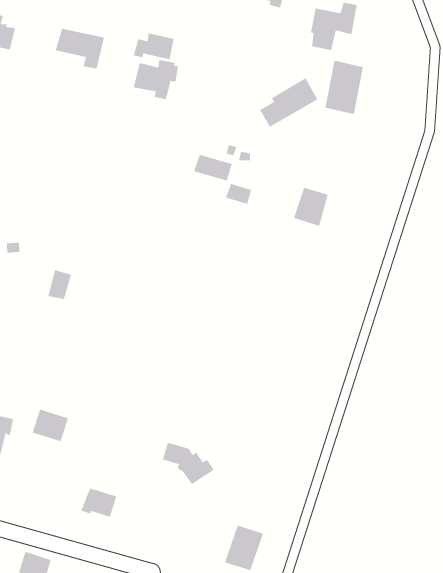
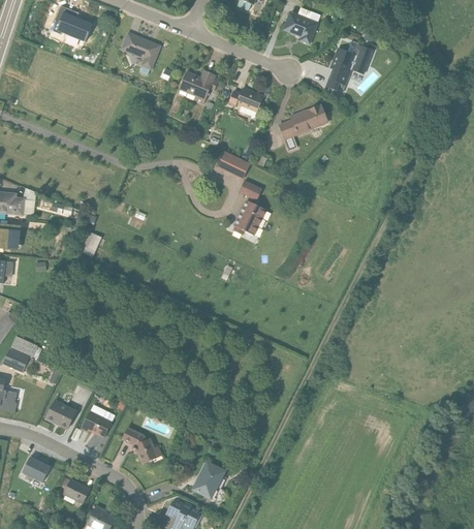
building: [133,33,174,60] -> [227,87,263,112]
building: [325,60,364,115] -> none
building: [293,187,329,226] -> [233,200,265,235]
building: [32,409,69,442] -> [44,399,76,429]
building: [162,442,215,485] -> [121,426,162,464]

